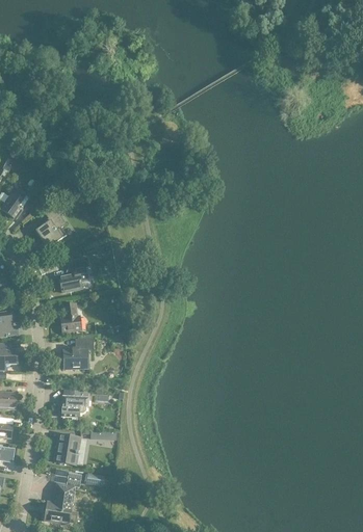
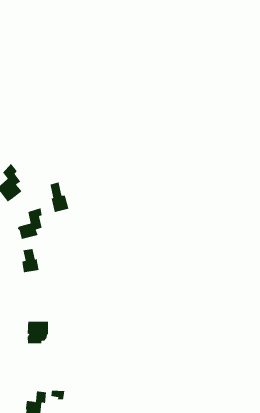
building: none -> [50,182,69,213]
building: [61,338,92,369] -> none
building: [52,433,79,464] -> none

